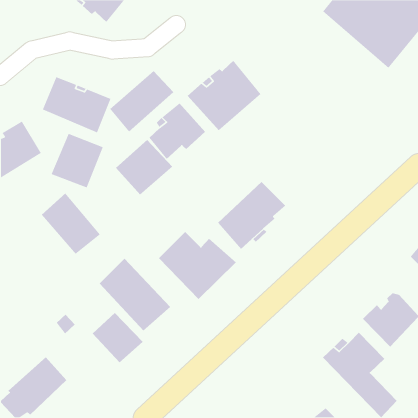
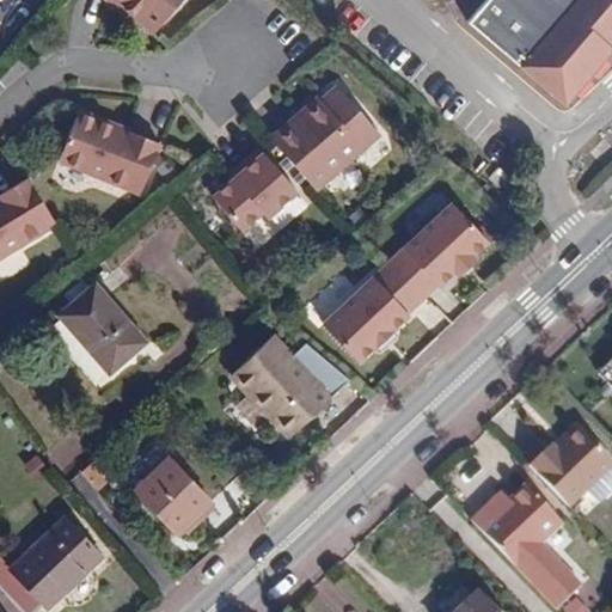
building: [109,70,174,133] -> none
building: [50,133,104,188] -> none
building: [115,139,173,195] -> none
building: none -> [382,206,482,300]
building: [99,258,171,331] -> none

